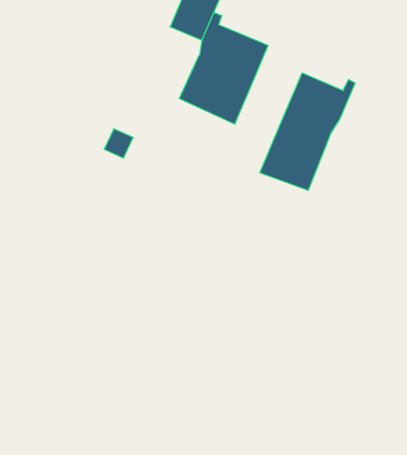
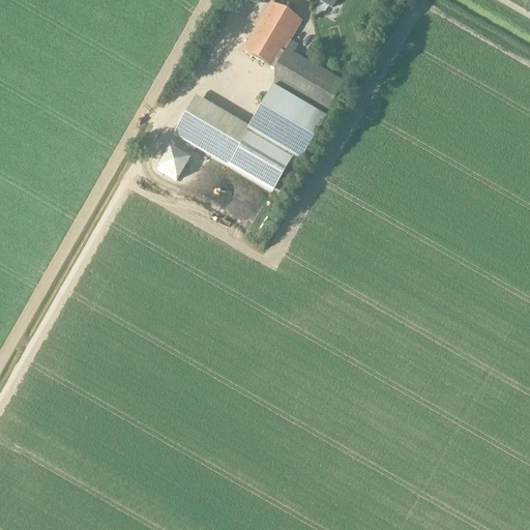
building: [260,73,355,190] -> none
building: none -> [173,93,296,192]

